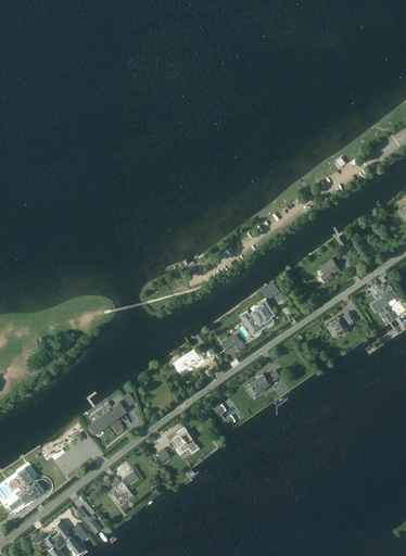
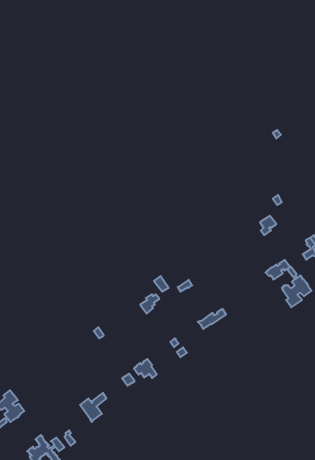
building: [244,301,274,332] -> none
building: none -> [282,267,311,307]
building: [88,401,126,434] -> none

